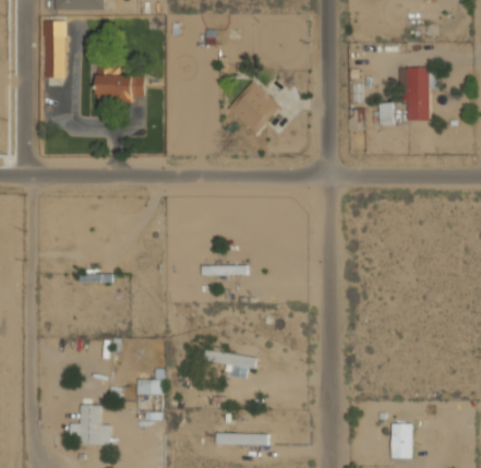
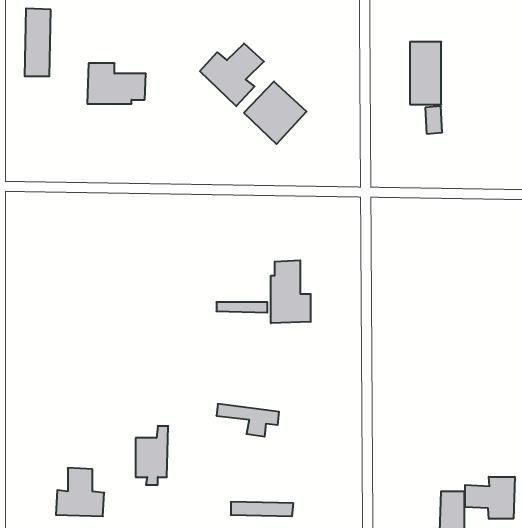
building: none -> [200,43,264,106]
building: [402,68,429,120] -> [410,42,441,104]
building: none -> [271,260,311,323]
building: none -> [465,477,515,519]

